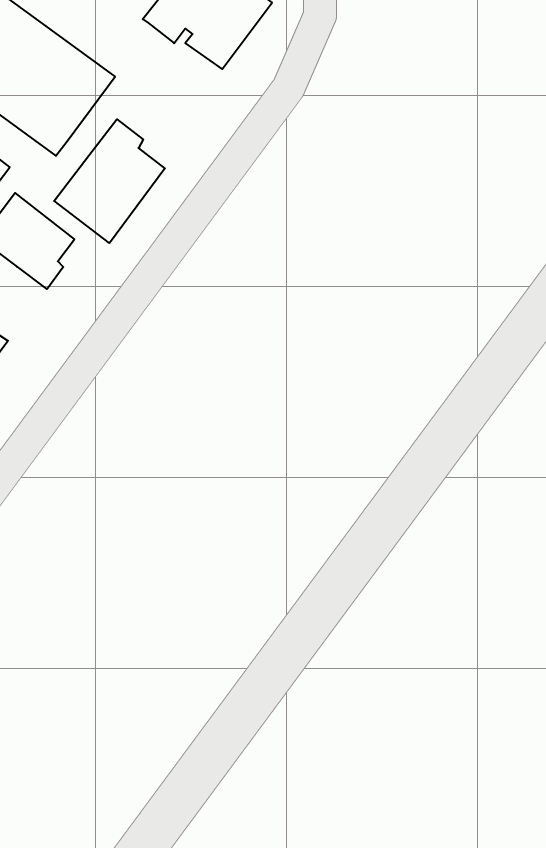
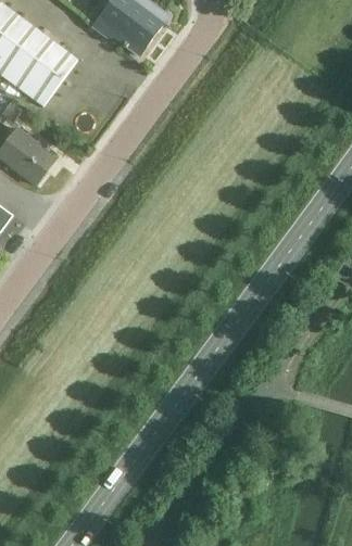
building: [54,119,165,243] -> none

